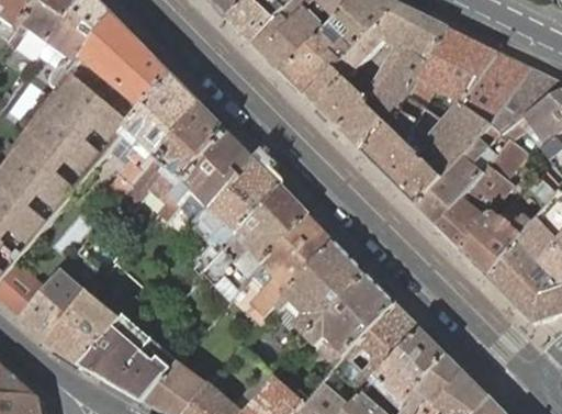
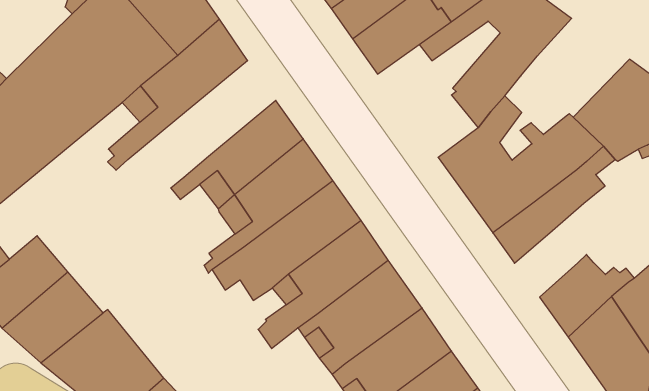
building: [416,27,498,104] -> none
building: [304,68,390,154] -> none
building: [121,103,228,203] -> none
building: [436,153,515,249] -> none

